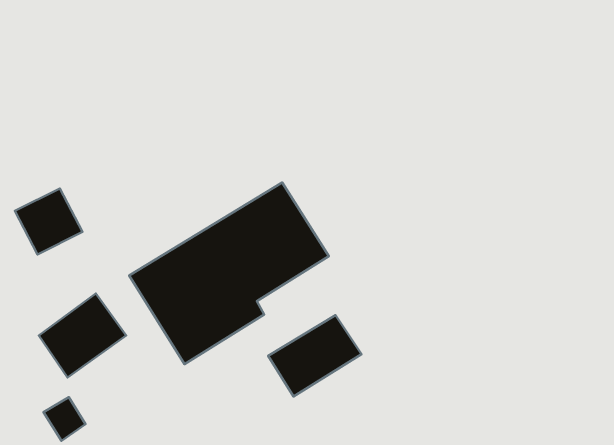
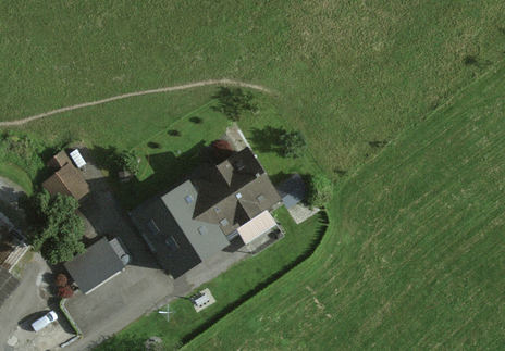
building: [268,315,362,396] -> none

